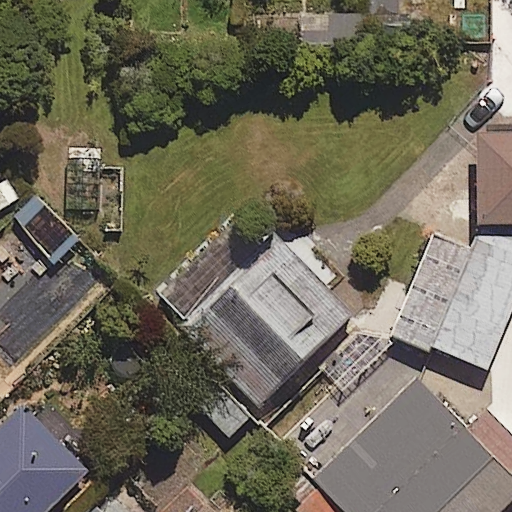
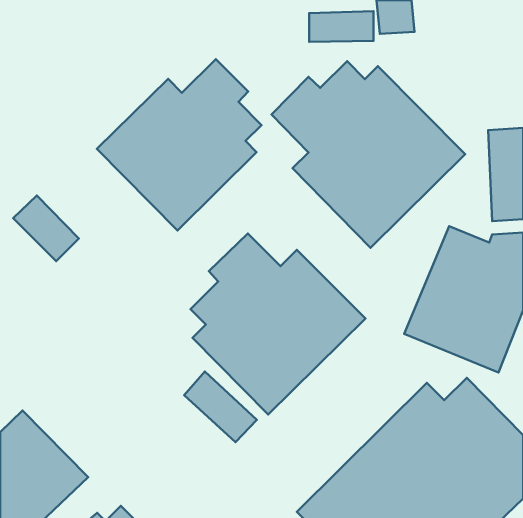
building: none -> [97,59,261,231]
building: none -> [271,61,465,248]

